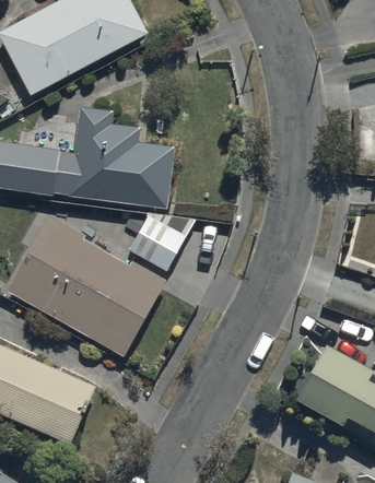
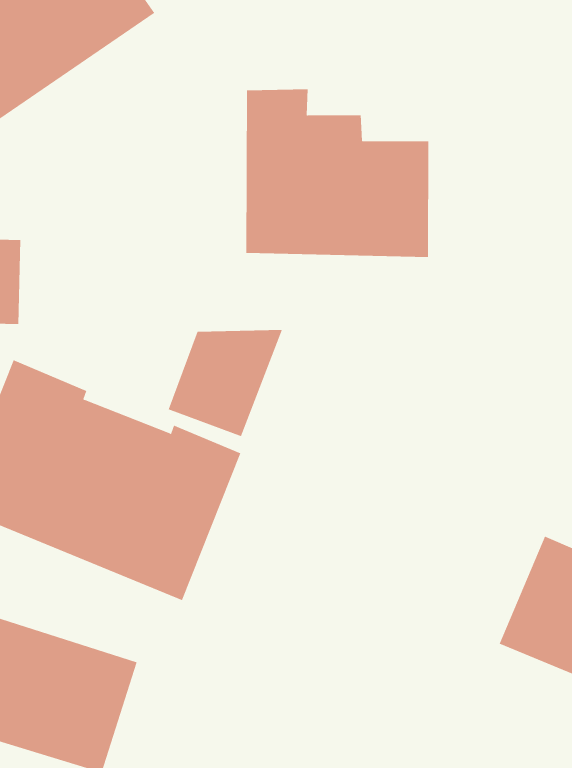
building: [67,107,174,210] -> [245,89,429,258]

